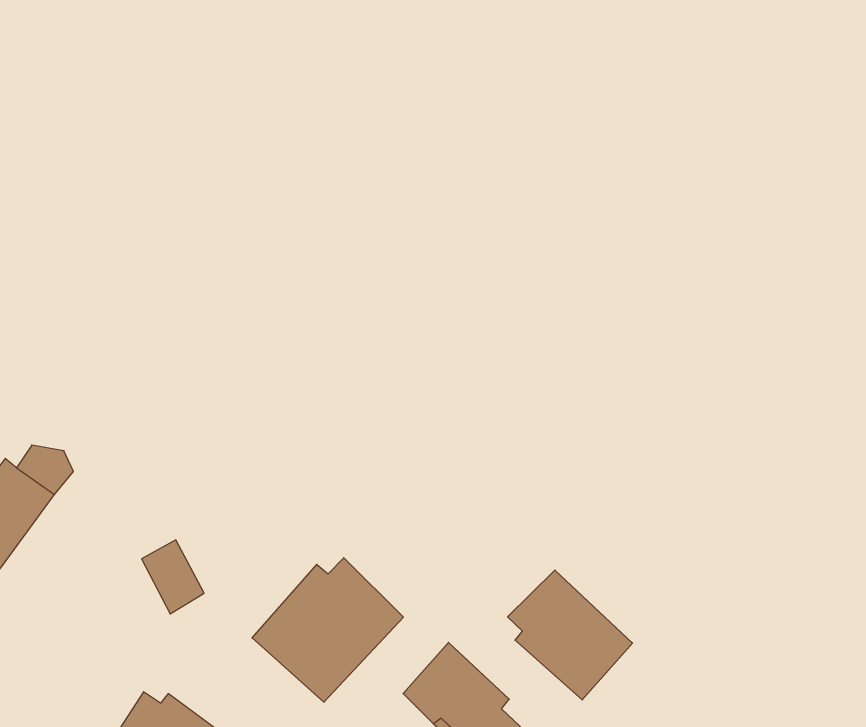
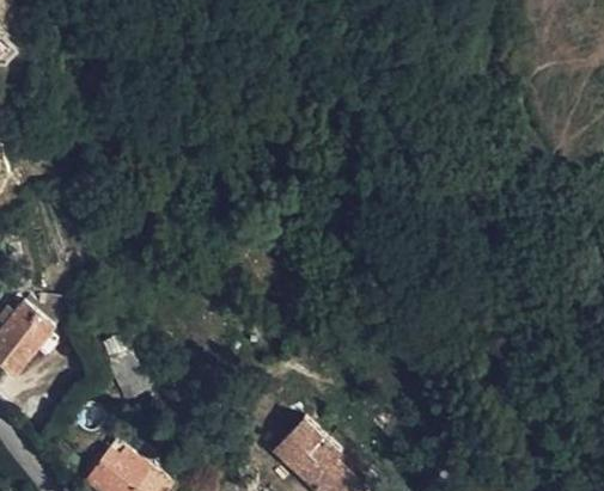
building: [252,558,403,702] -> none
building: [508,570,633,700] -> none

